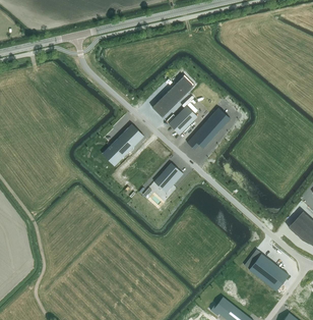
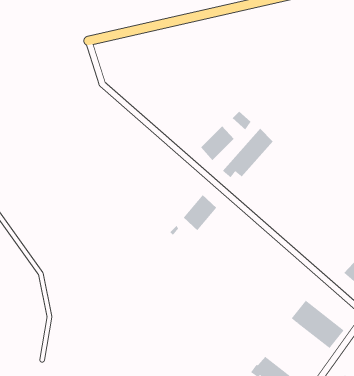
building: [152,75,194,117] -> none
building: [104,123,144,164] -> none

